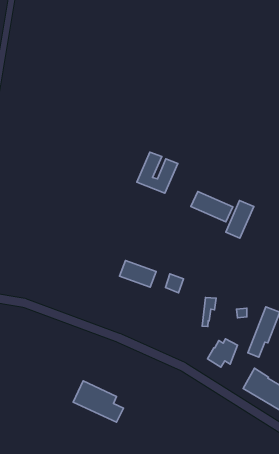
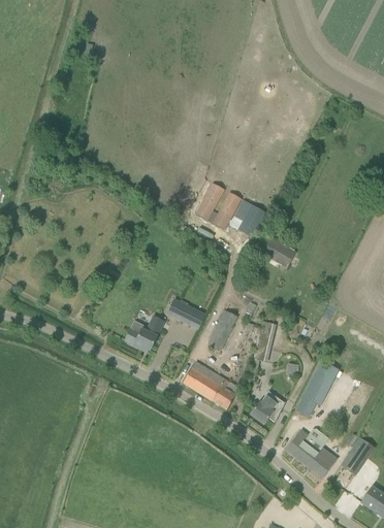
building: none -> [237,204,265,237]
building: [226,201,254,238] -> none
building: none -> [124,316,163,350]
building: [73,381,123,422] -> [182,361,235,409]

